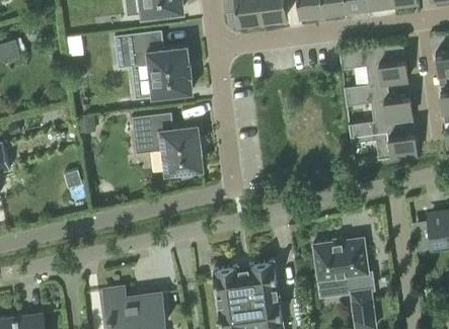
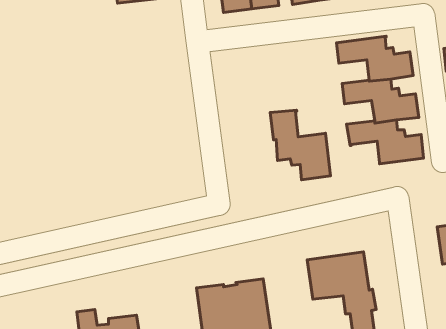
building: [115,30,193,96] -> none
building: none -> [270,110,330,180]
building: [132,113,202,177] -> none

